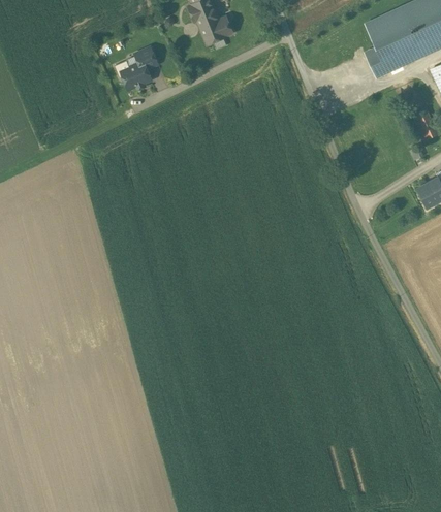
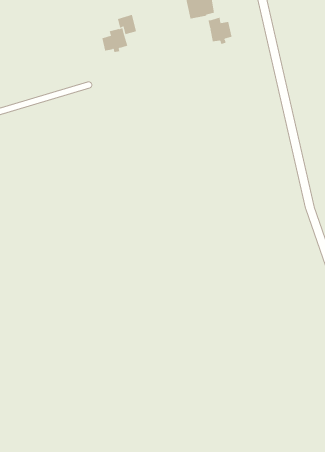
building: none -> [208,17,232,45]

